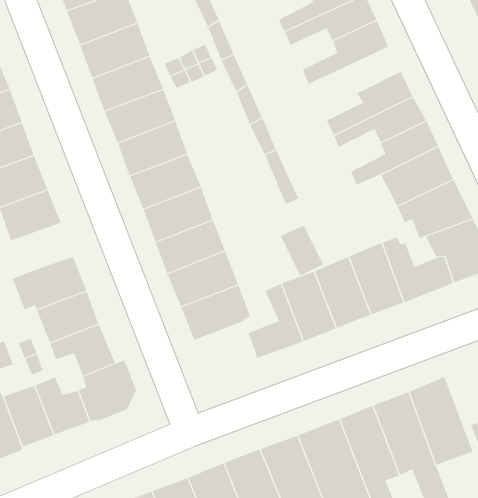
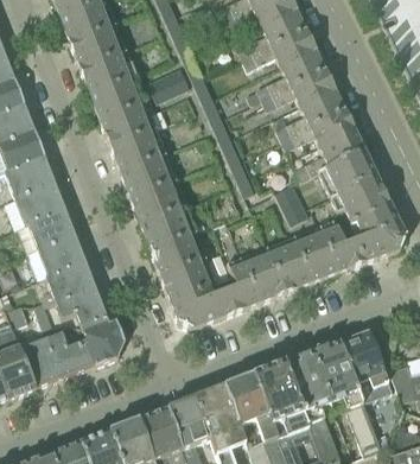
building: none -> [261,71,335,110]
building: none -> [26,210,76,250]
building: [280,225,324,276] -> [274,184,308,224]
building: none -> [171,287,221,329]

